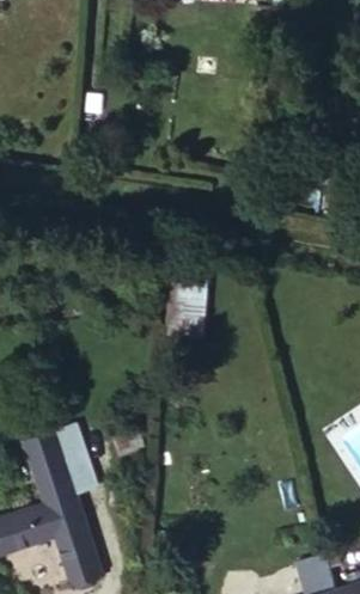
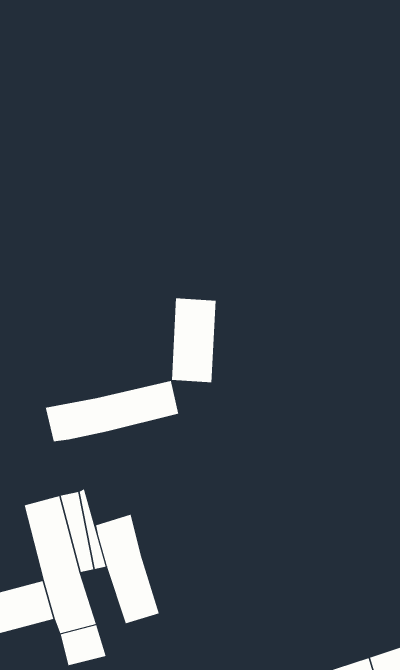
building: none -> [45,380,179,442]
building: none -> [96,514,160,624]

